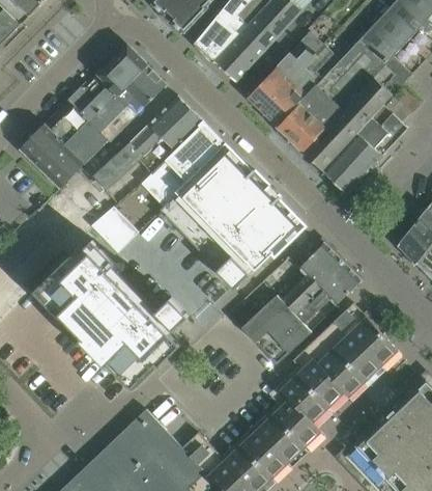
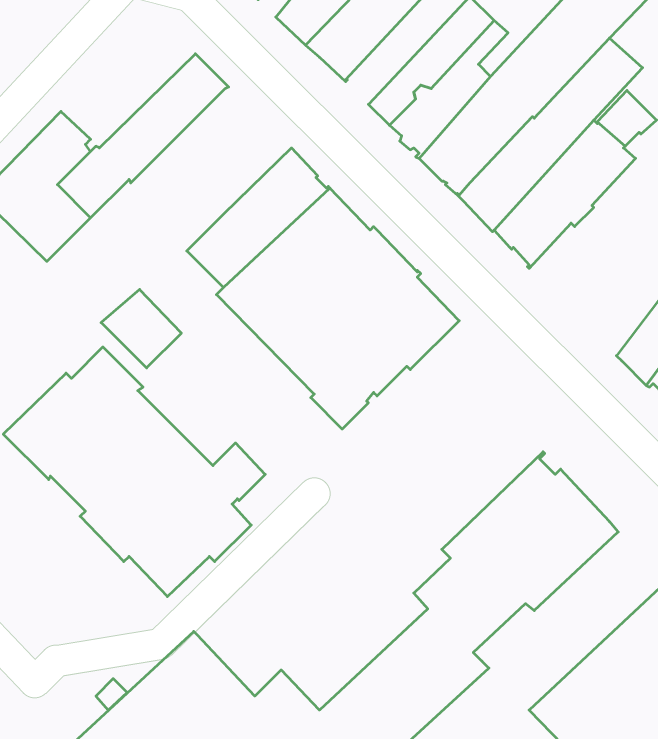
building: [67,45,147,124] -> none
building: [93,96,204,190] -> none
building: [242,241,362,364] -> none

